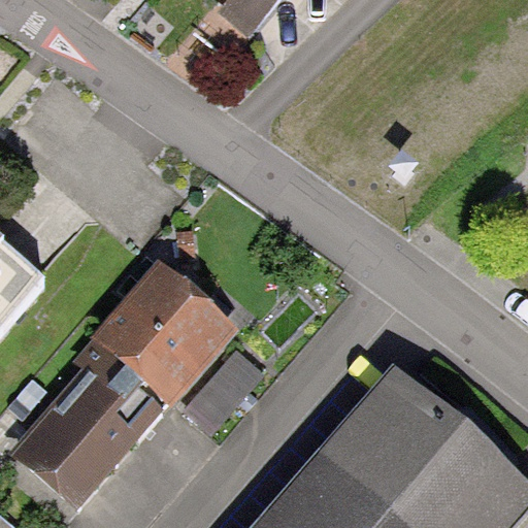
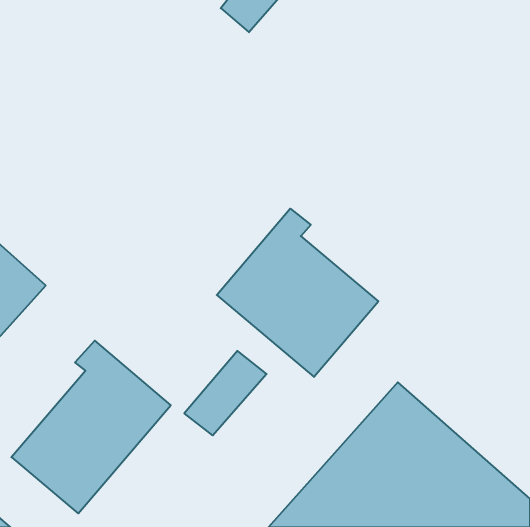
building: none -> [217,209,378,377]
building: [94,260,239,404] -> none

